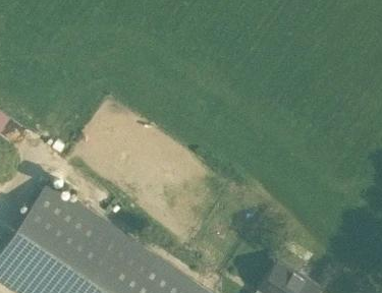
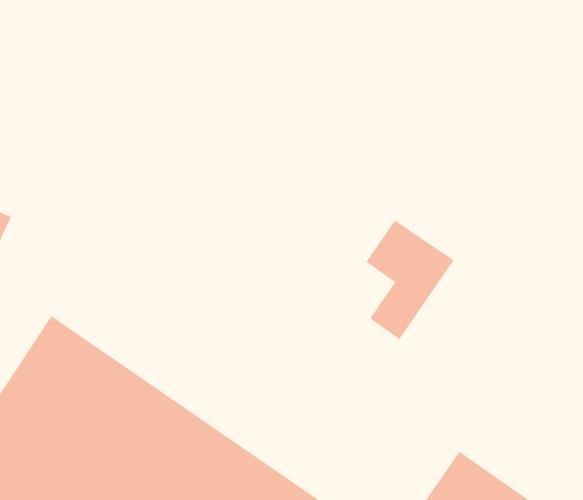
building: none -> [366,220,455,340]

